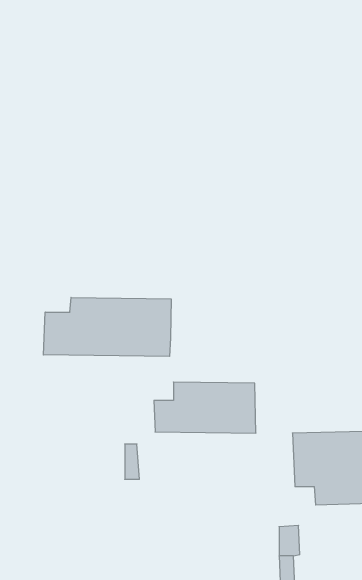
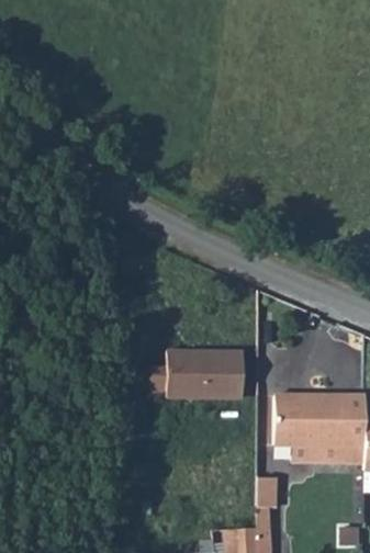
building: [43,297,171,356] -> none

